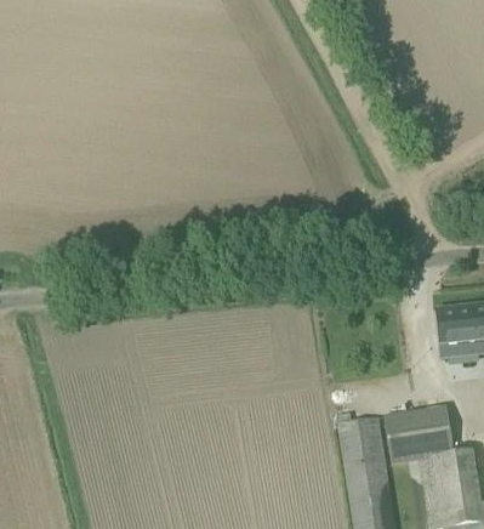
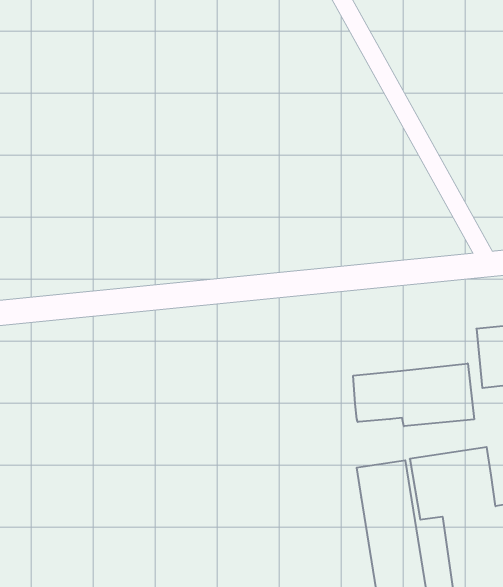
building: none -> [353,363,474,426]

